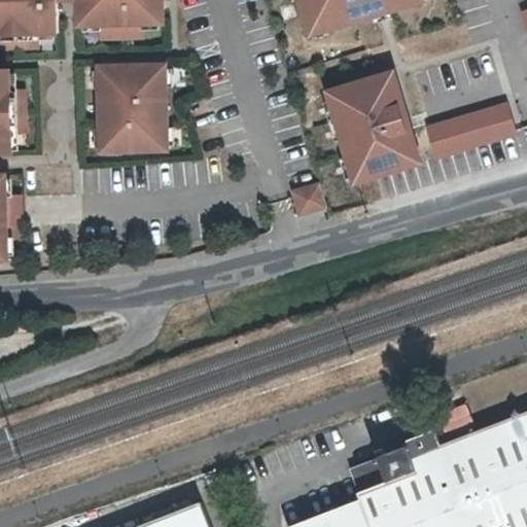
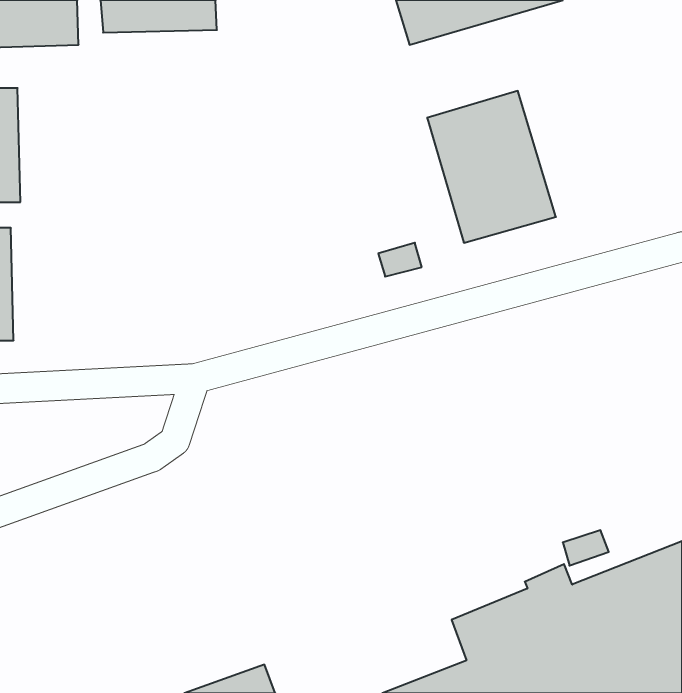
building: [98,62,166,154] -> none
building: [419,100,514,161] -> none

